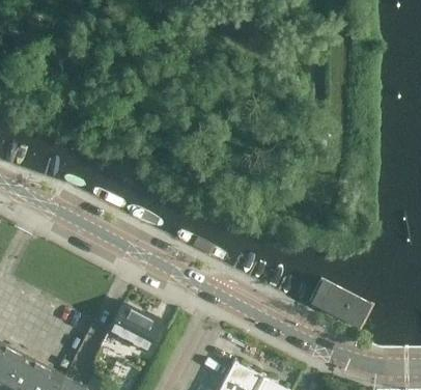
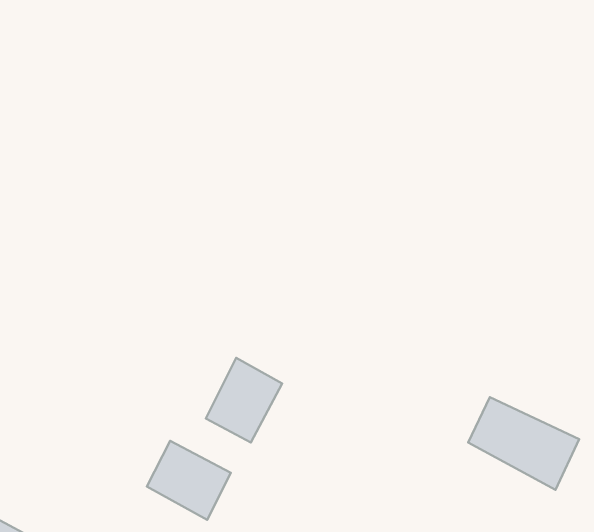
building: none -> [206,358,282,443]

